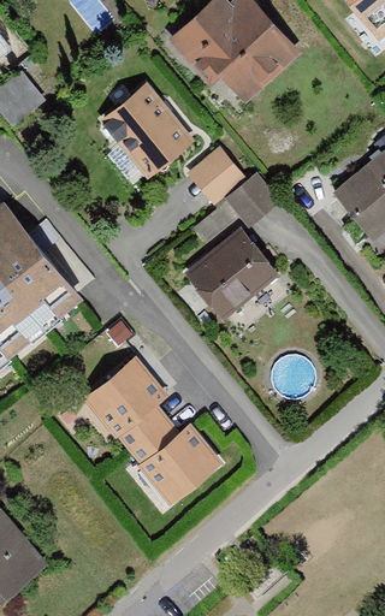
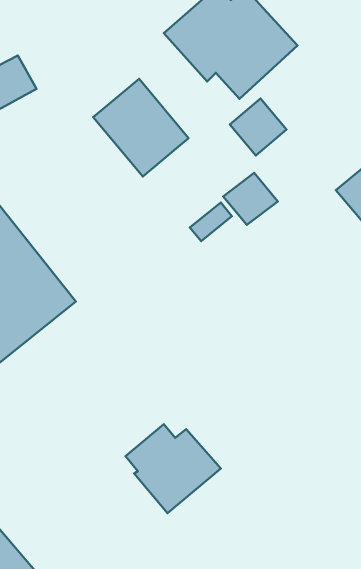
building: [188,147,243,202] -> [230,98,287,155]
building: [186,231,278,318] -> none
building: [84,357,168,451] -> none

